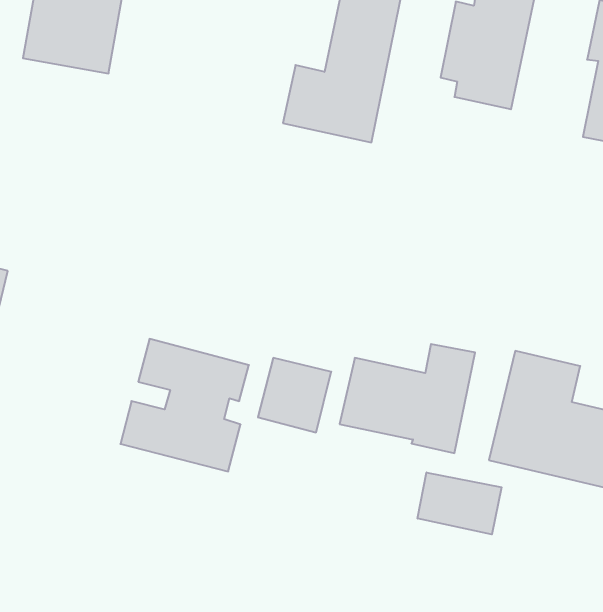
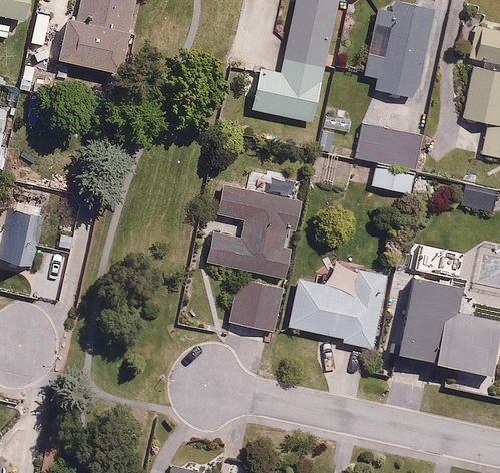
building: none -> [355,121,425,194]
building: [120,339,249,471] -> [208,185,302,282]
building: [418,472,502,534] -> none

